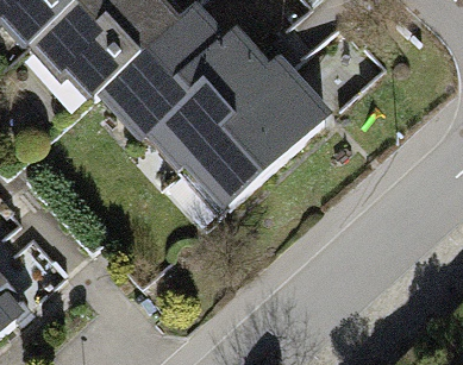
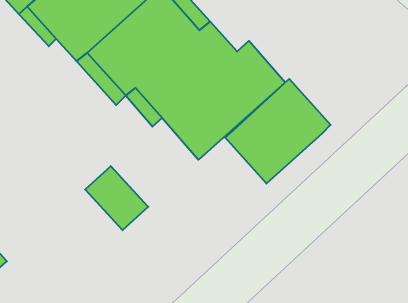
building: none -> [225,79,331,184]

